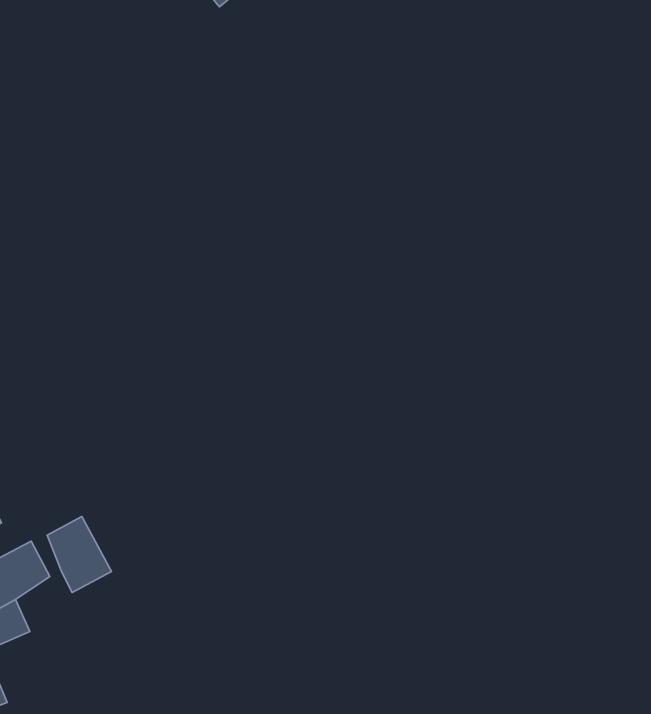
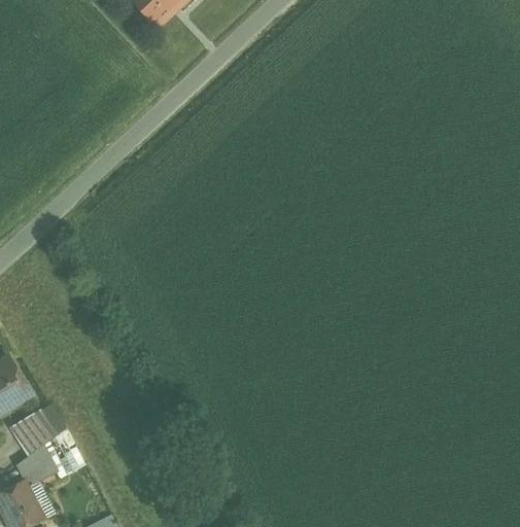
building: [47,517,112,592] -> none

